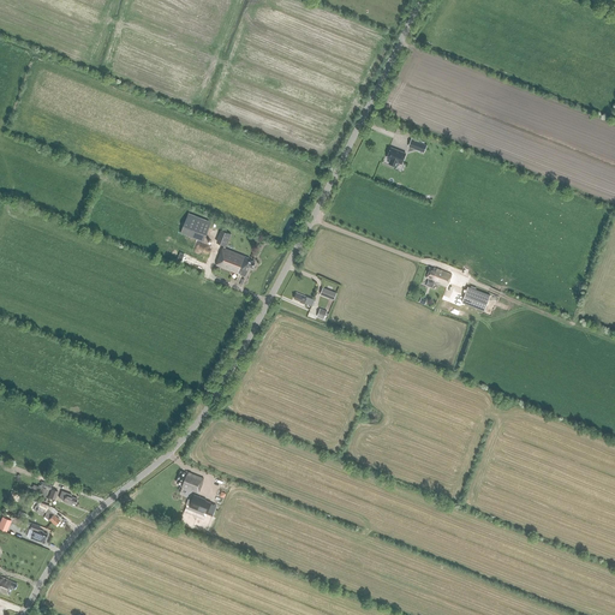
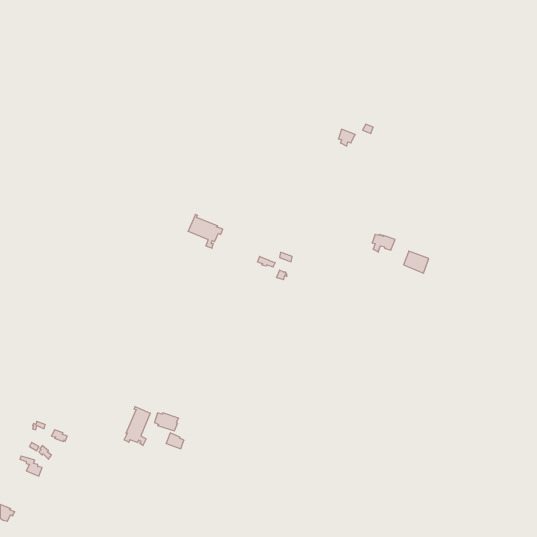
building: [180,213,211,241] -> none
building: none -> [124,407,150,446]

